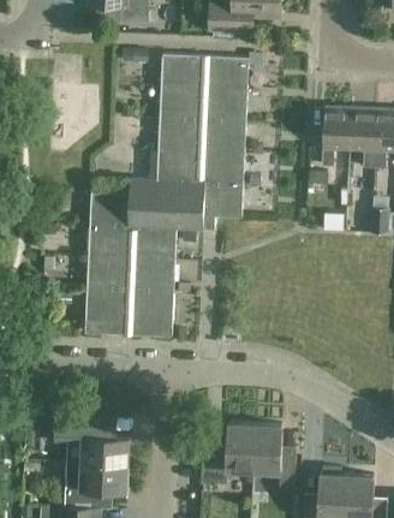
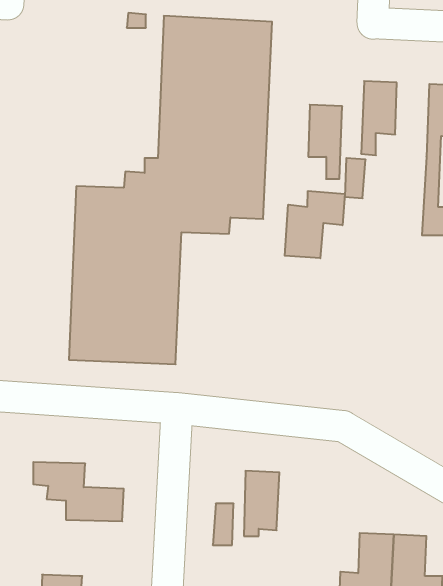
building: [347,108,375,168] -> [308,105,342,179]
building: none -> [285,191,345,258]
building: [251,424,293,492] -> none
building: [62,463,126,508] -> none

